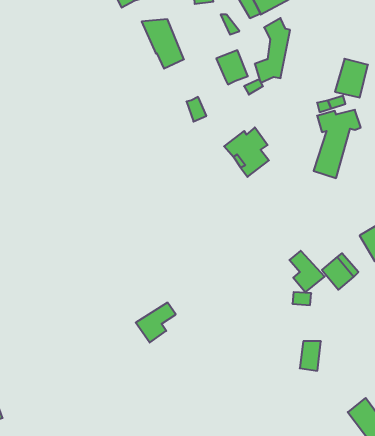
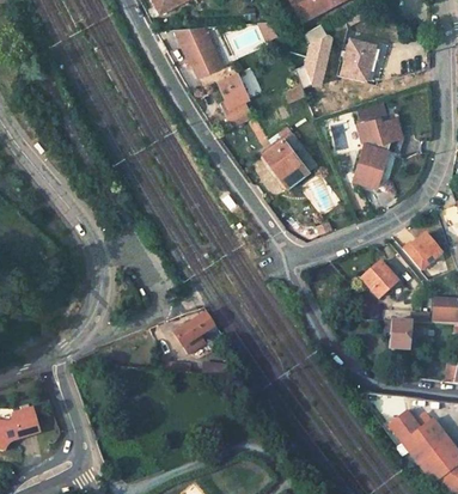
building: [216,50,248,84] -> [218,72,250,106]
building: [335,59,368,98] -> [341,37,374,77]
building: [289,251,325,292] -> none
building: [300,341,321,371] -> [389,319,410,349]

